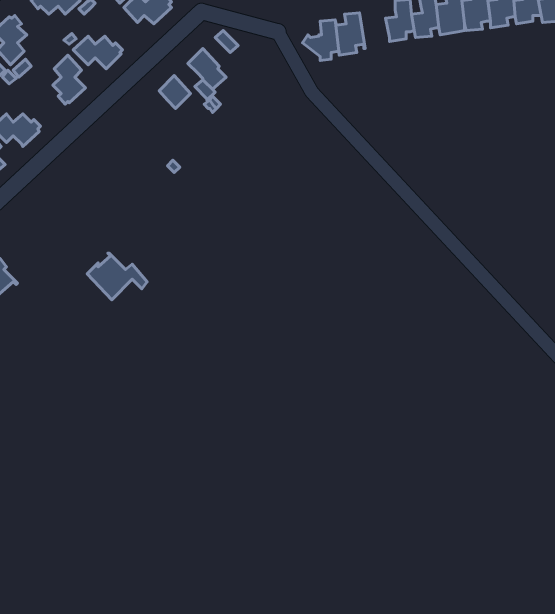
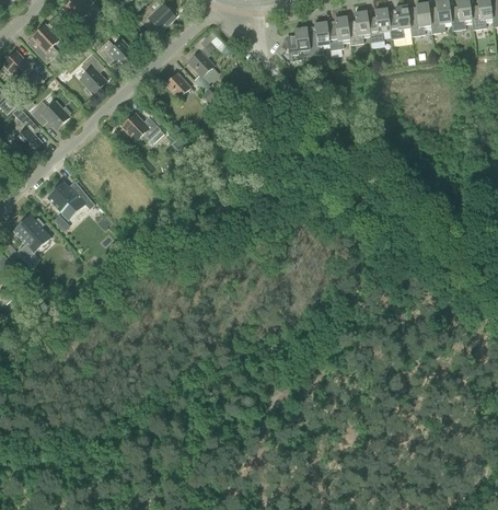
building: none -> [326,15,350,49]
building: none -> [121,113,164,143]
building: [87,253,147,300] -> [46,181,94,218]

